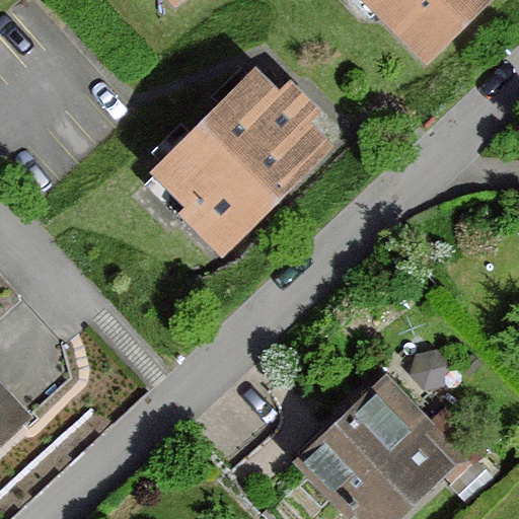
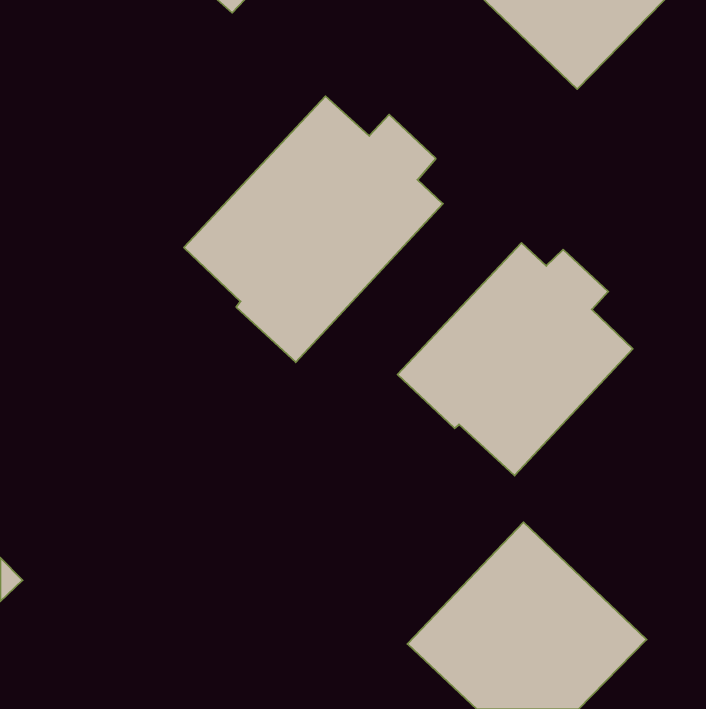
building: none -> [398,243,633,476]

